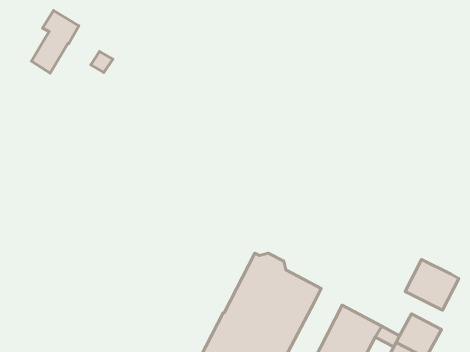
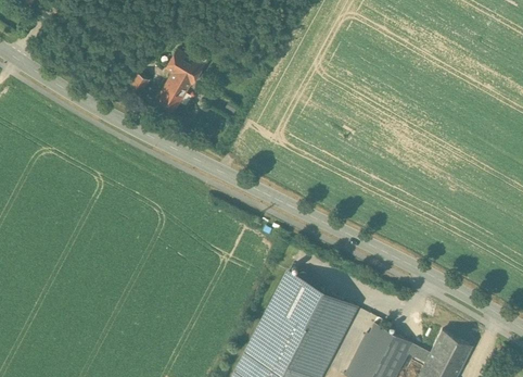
building: [31,10,79,73] -> [155,51,202,113]
building: [405,260,459,310] -> none

